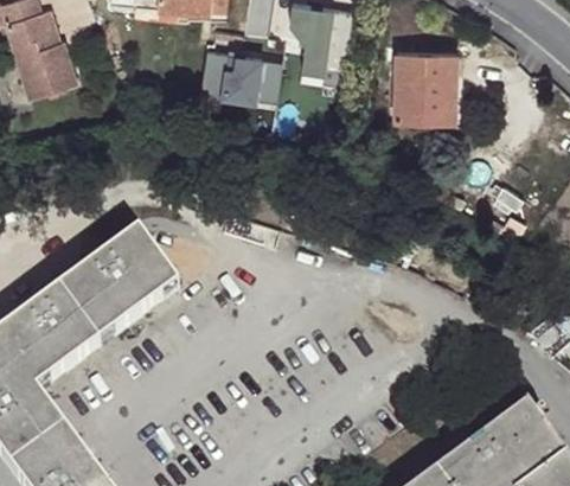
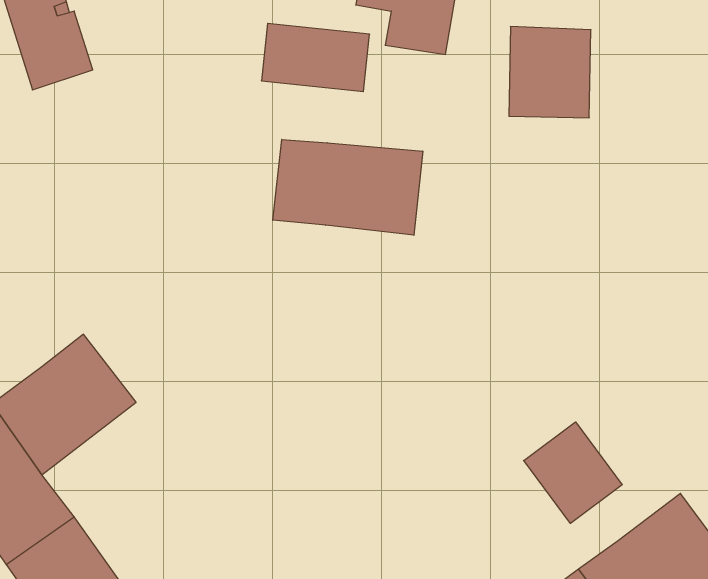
building: none -> [273,139,423,235]
building: [66,234,174,337] -> none
building: none -> [524,422,622,523]

